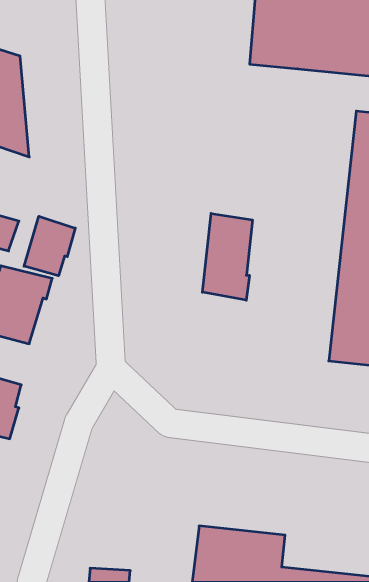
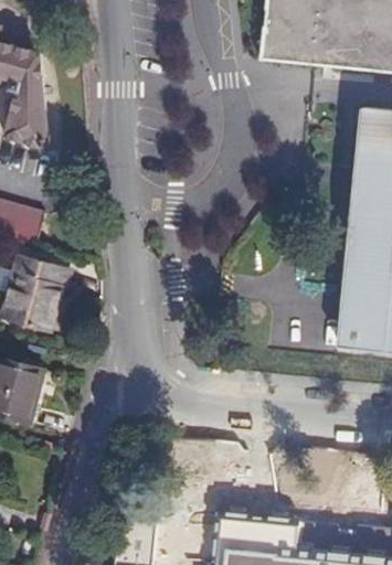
building: [202,213,252,300] -> none
building: [24,216,75,276] -> none

